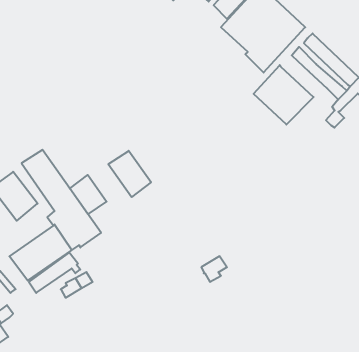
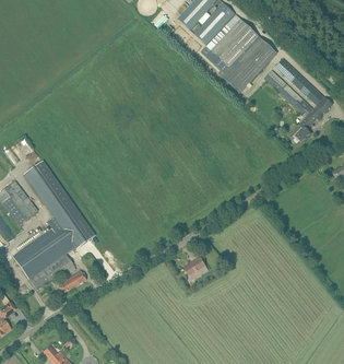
building: [254,65,314,125] -> none
building: [108,151,151,197] -> none
building: [70,175,107,214] -> none

